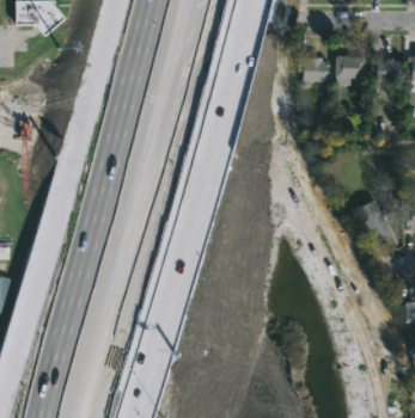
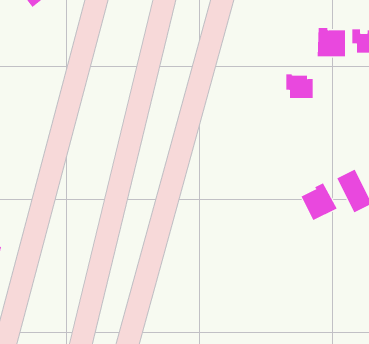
building: [299,56,328,81] -> [286,74,314,98]
building: none -> [301,182,338,221]

